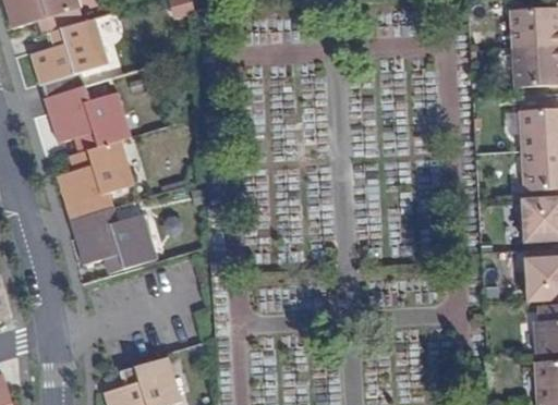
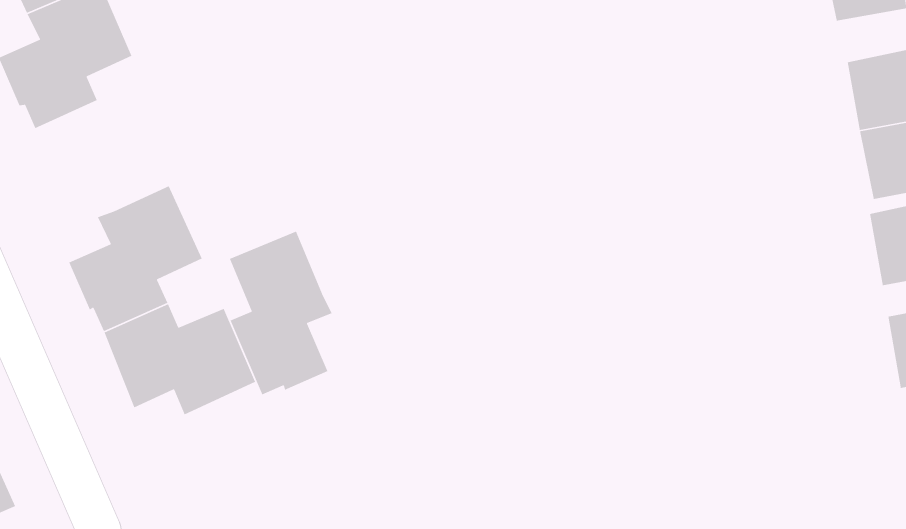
building: [48,84,131,148] -> none
building: none -> [229,230,333,395]

